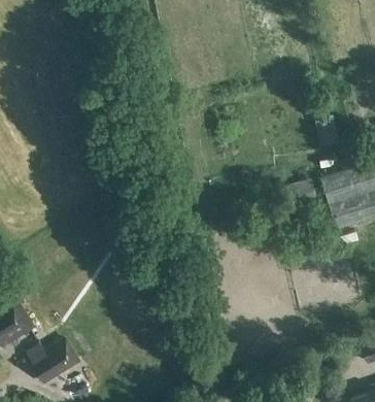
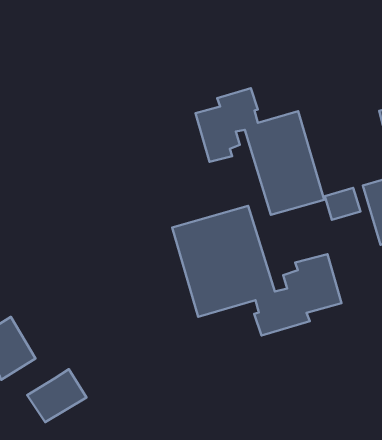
building: none -> [195,88,324,215]
building: none -> [172,206,341,335]

